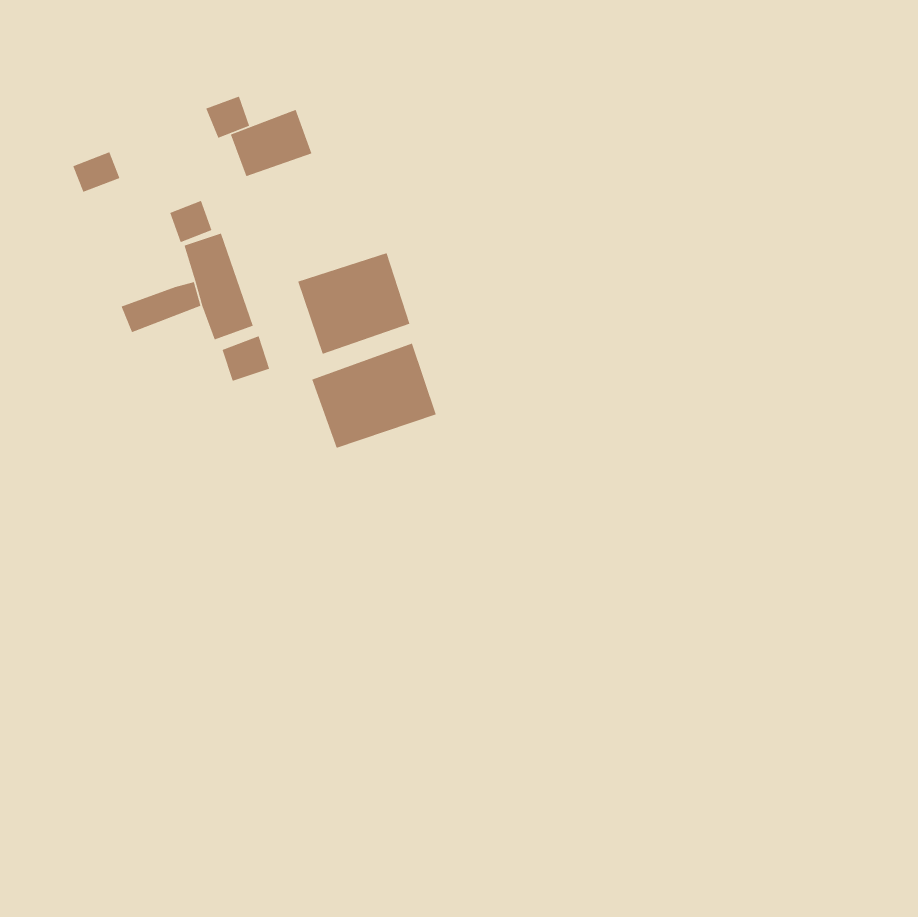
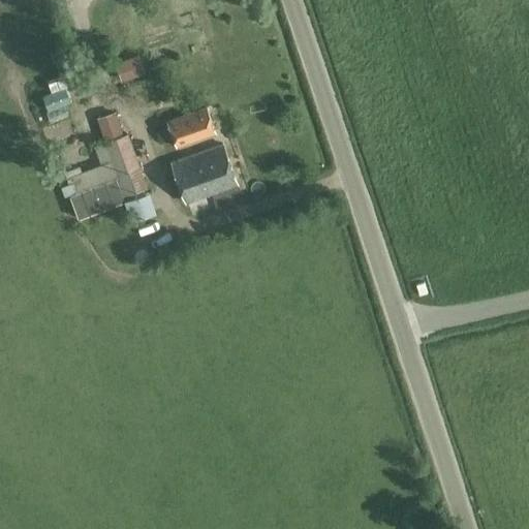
building: [230,109,313,177] -> [166,106,214,146]
building: none -> [69,180,124,219]
building: [311,343,437,449] -> none

